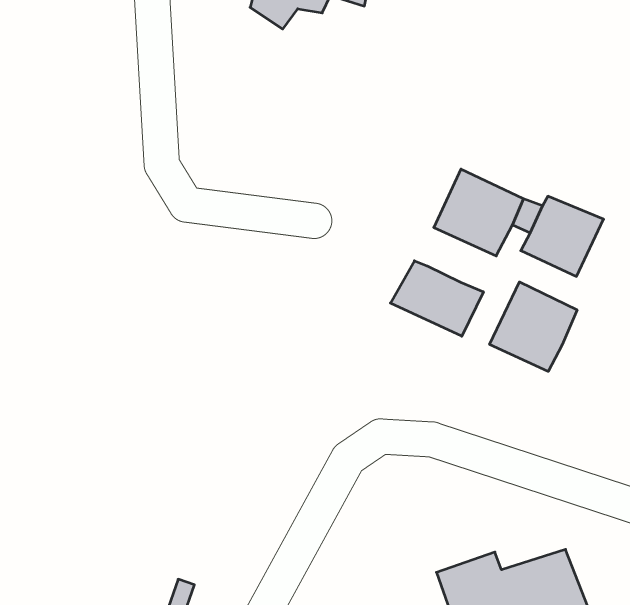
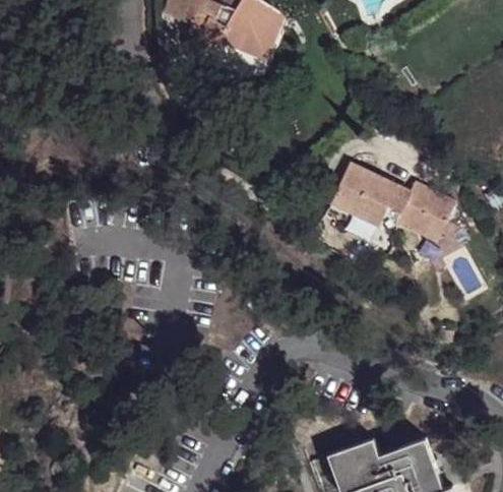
building: [390,261,483,336] -> none
building: [490,282,577,371] -> none

